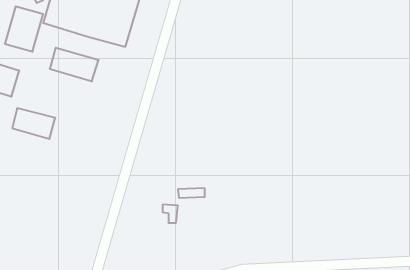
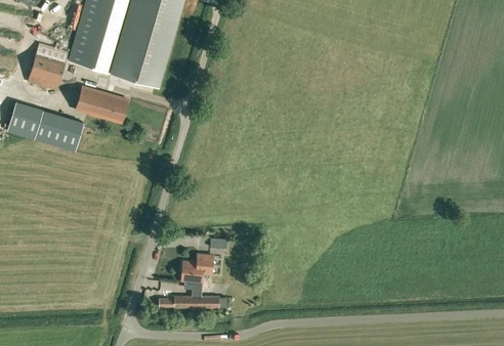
building: [12,108,55,139] -> [37,118,83,150]
building: none -> [180,261,203,283]
building: none -> [159,292,226,307]

